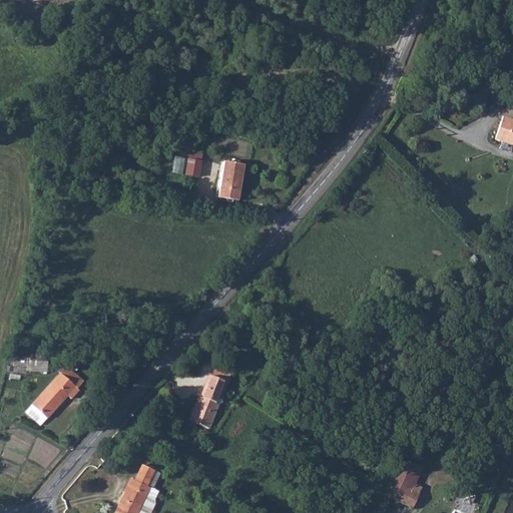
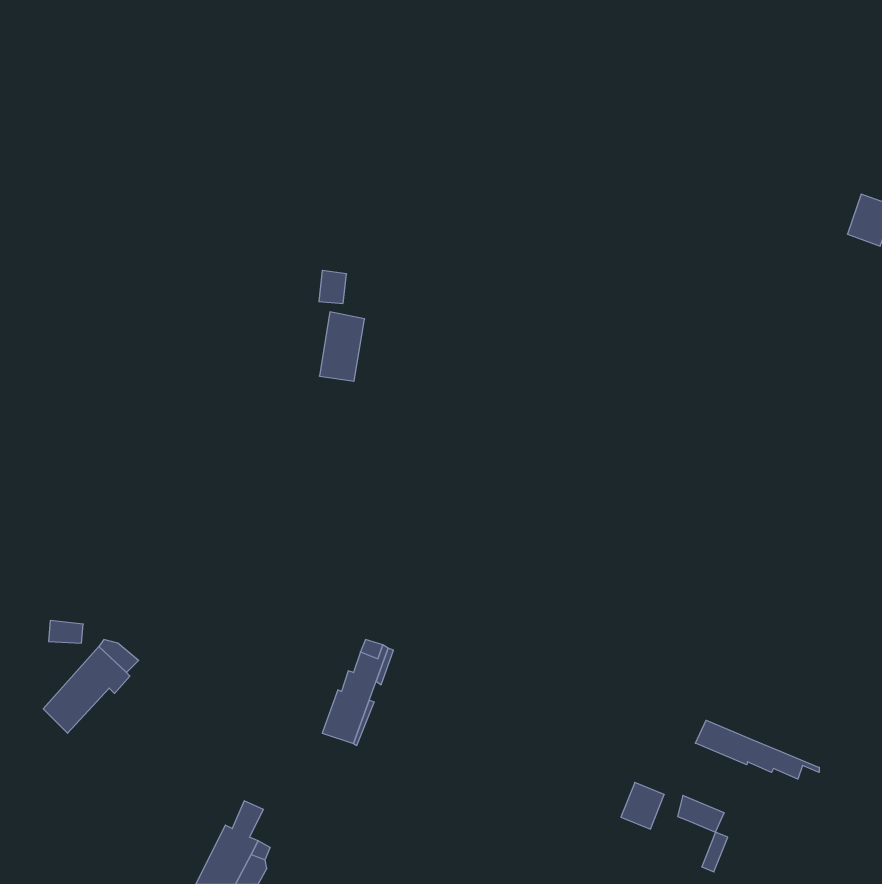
building: [217,159,243,199] -> [319,312,365,381]
building: none -> [695,720,819,779]
building: [391,474,416,501] -> [621,782,664,829]

